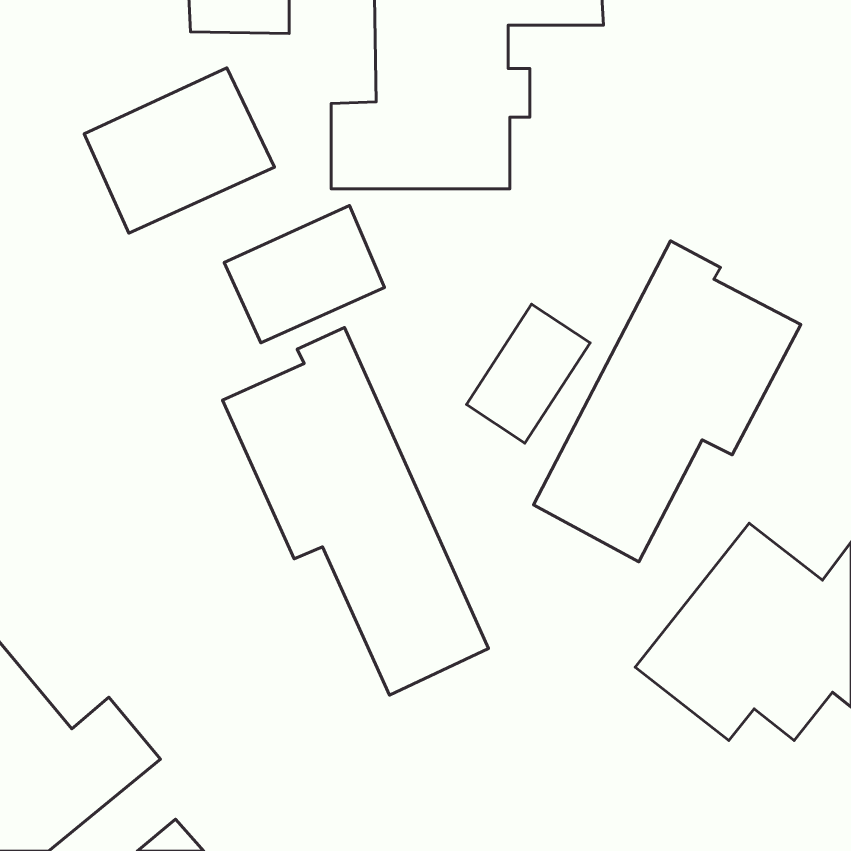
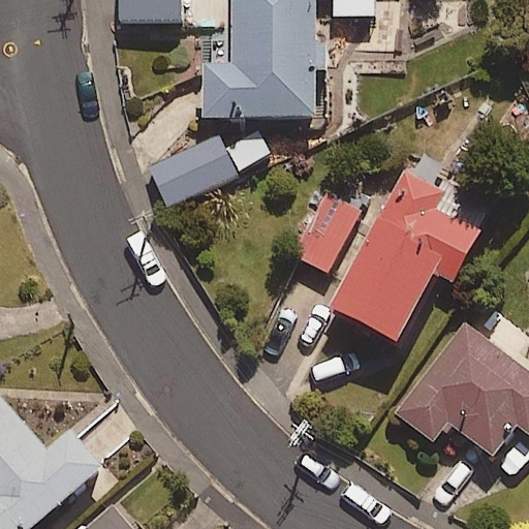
building: [84,68,274,233] -> none
building: [222,327,488,695] -> none

